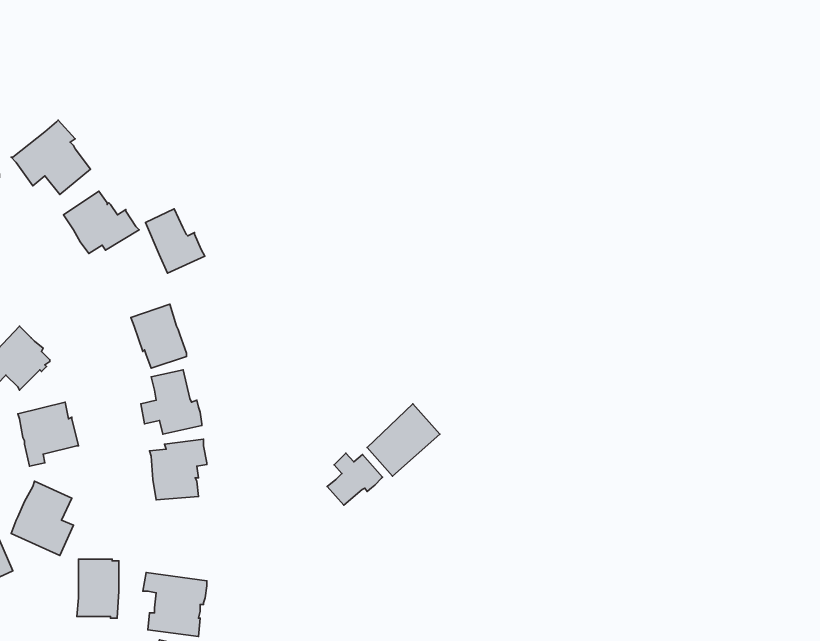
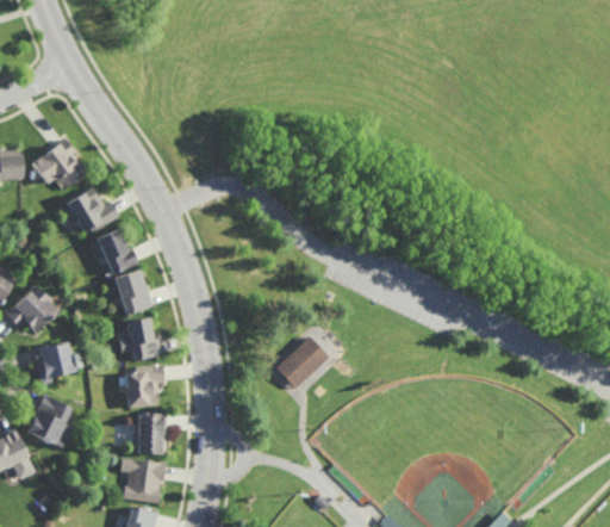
building: [146,209,205,273] -> [97,231,138,277]
building: [327,453,382,505] -> none
building: [77,559,119,618] -> [139,414,169,455]

